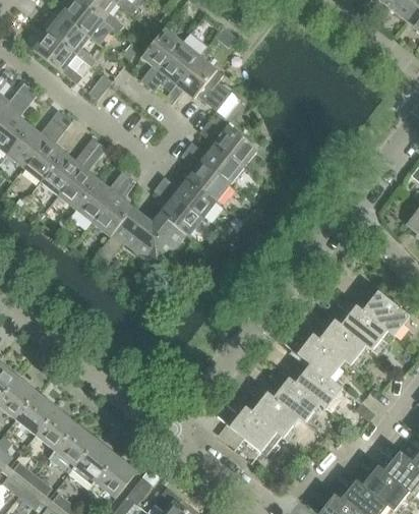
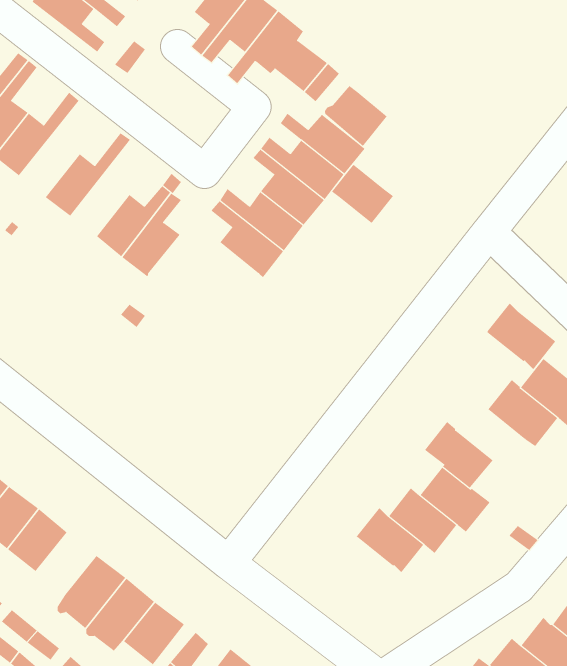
building: none -> [325,85,388,147]
building: [24,116,71,181] -> none
building: [59,142,106,208] -> none
building: none -> [331,164,394,224]
building: [112,207,186,260] -> none
building: [319,319,366,364] -> [487,302,556,370]
building: [230,405,278,451] -> none
building: [36,408,76,450] -> none

